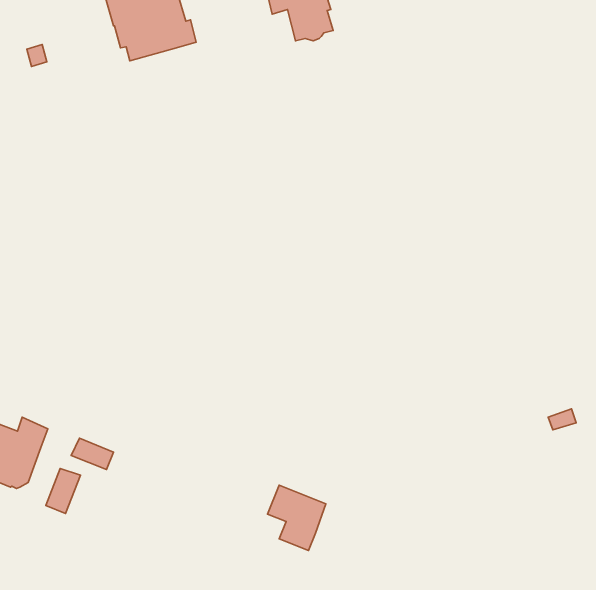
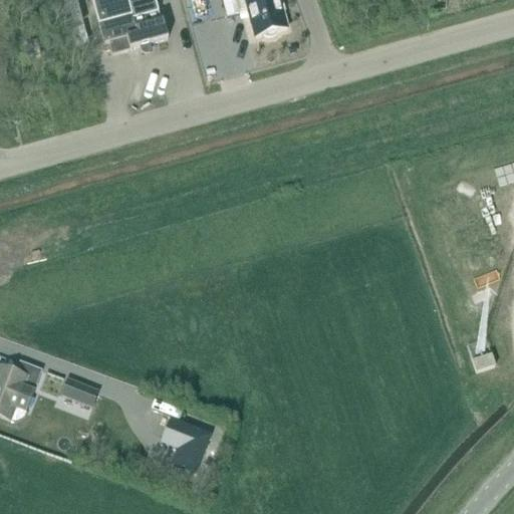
building: [46,468,81,513] -> none
building: [267,485,326,551] -> [161,416,211,472]

